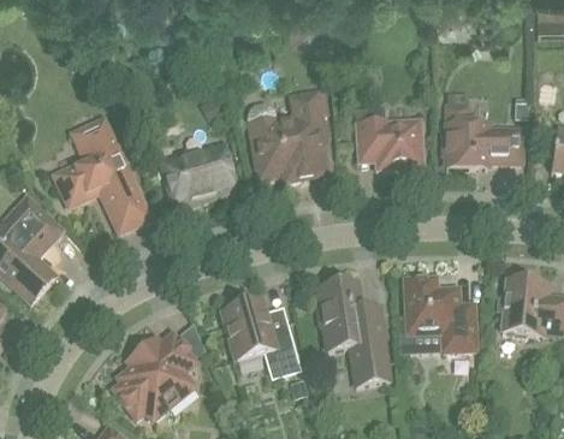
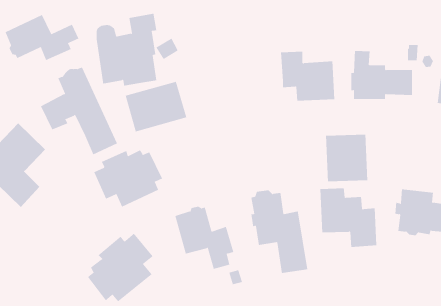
building: none -> [5,14,79,61]
building: [249,91,326,183] -> [96,13,157,86]
building: none -> [326,134,368,182]
building: none -> [94,149,163,207]

